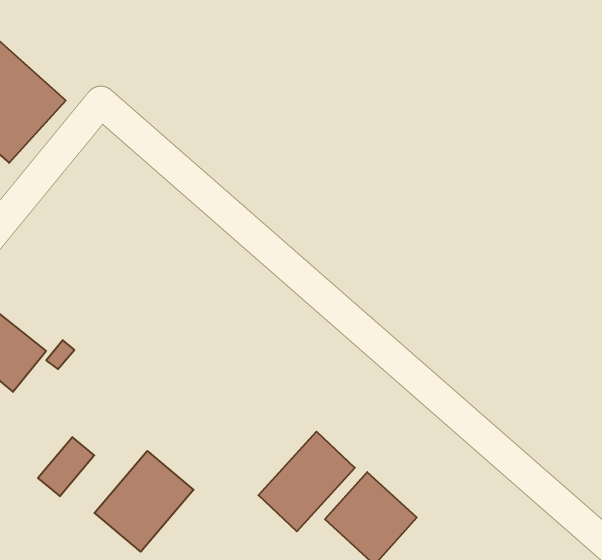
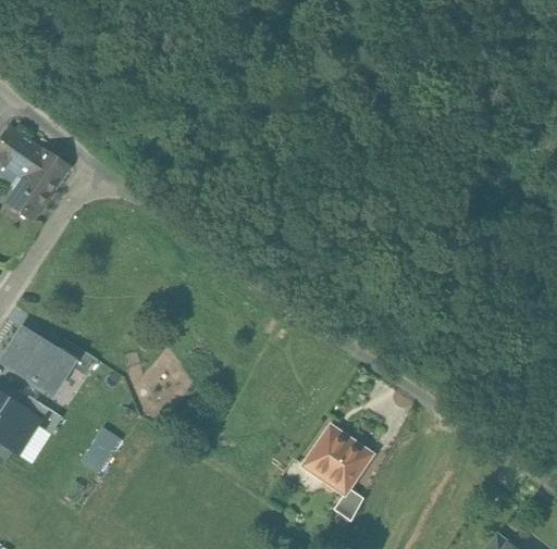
building: [258,432,355,531] -> none
building: [94,451,194,552] -> none

